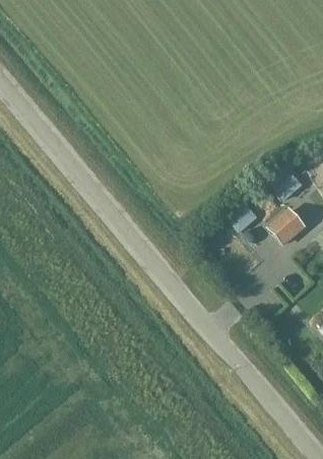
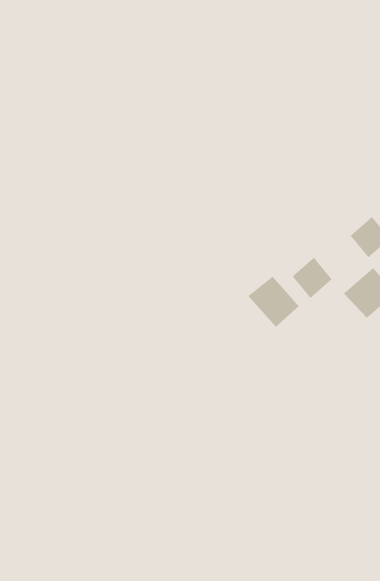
building: none -> [248,276,299,328]

